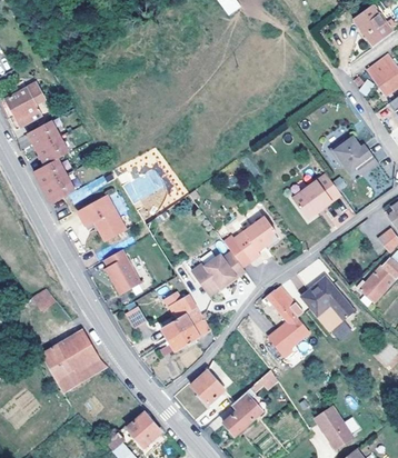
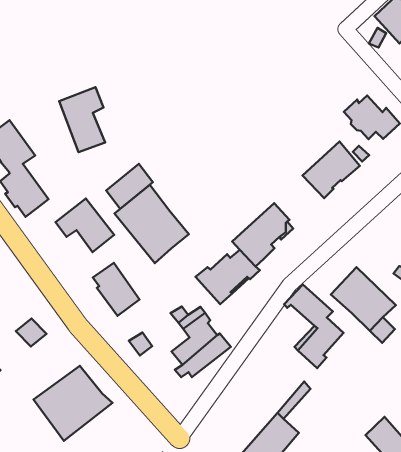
building: none -> [59,87,105,152]
building: none -> [114,185,189,263]
building: [190,370,222,404] -> none

